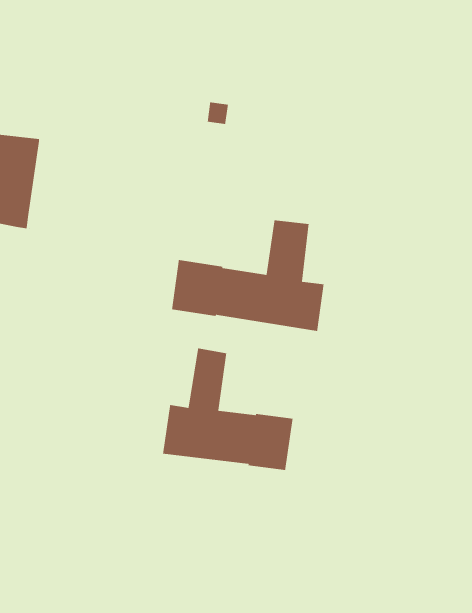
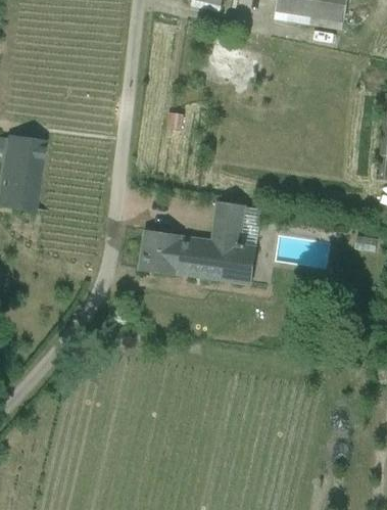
building: [162,348,294,471] -> none

